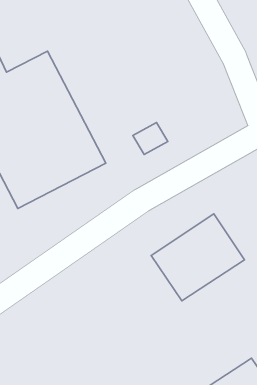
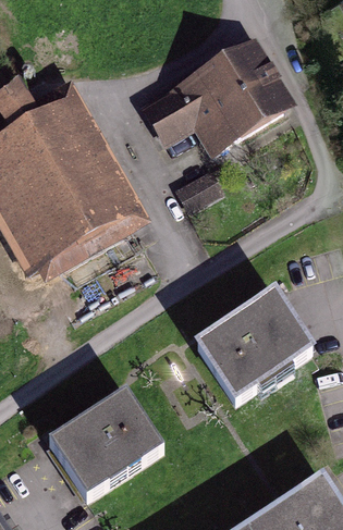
building: none -> [147,45,293,177]
building: none -> [48,387,164,495]

